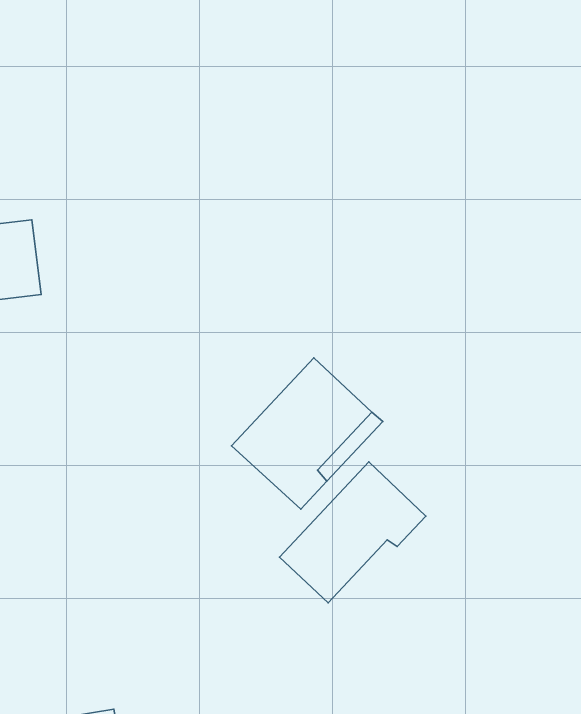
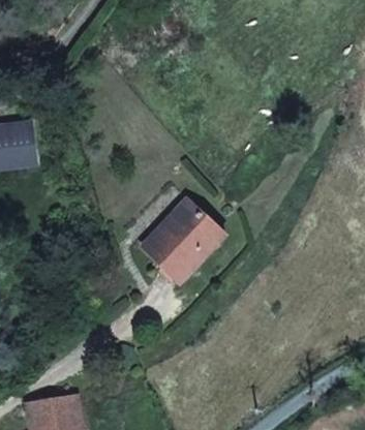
building: [280,462,426,603] -> none

